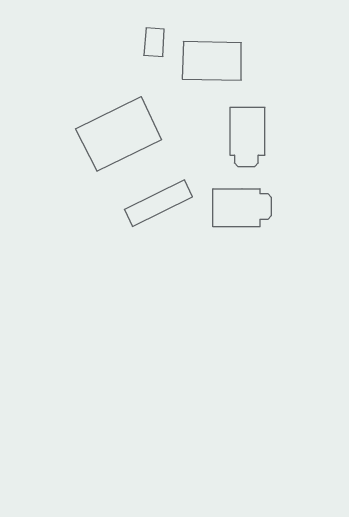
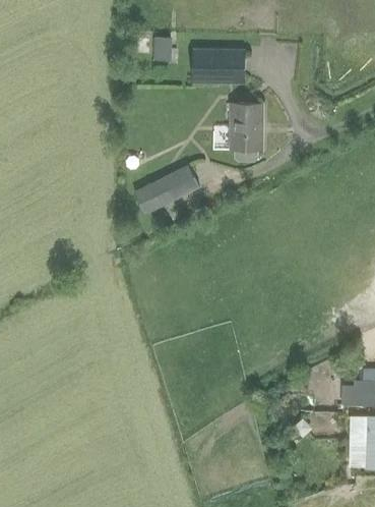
building: [76,97,161,171] -> none
building: [213,189,271,227] -> none

